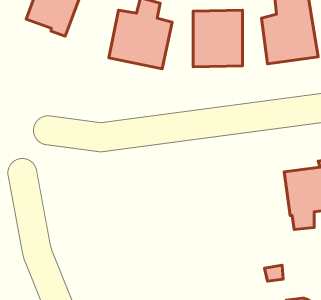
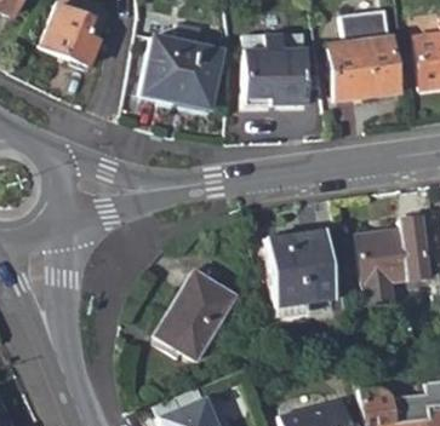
building: none -> [264,230,333,305]
building: none -> [156,272,234,357]

